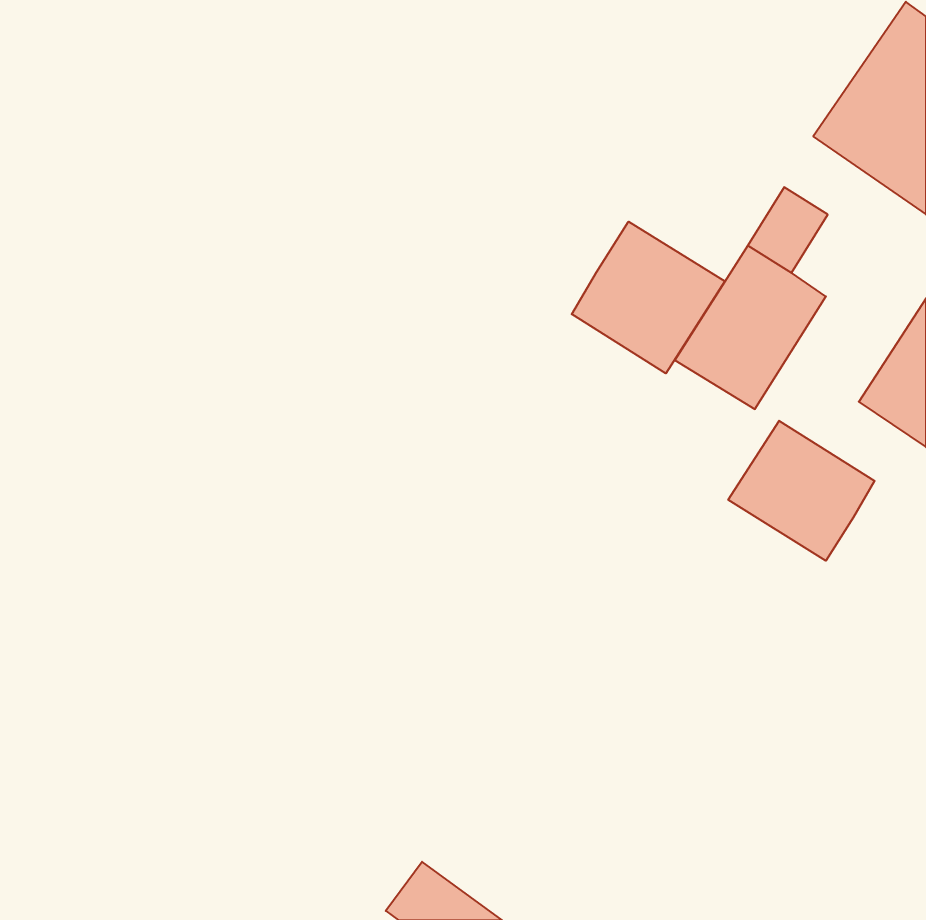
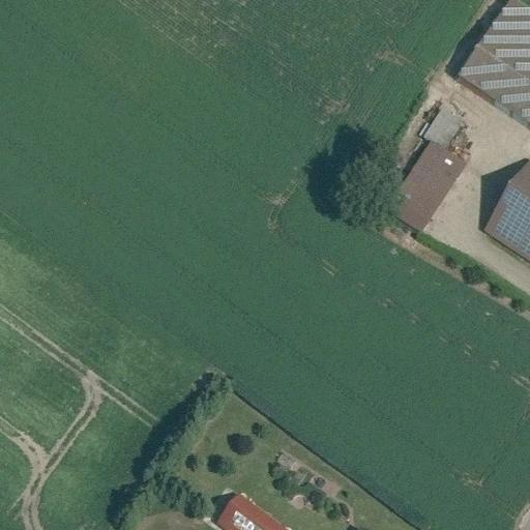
building: [572,222,725,373] -> none
building: [728,421,875,561] -> none

